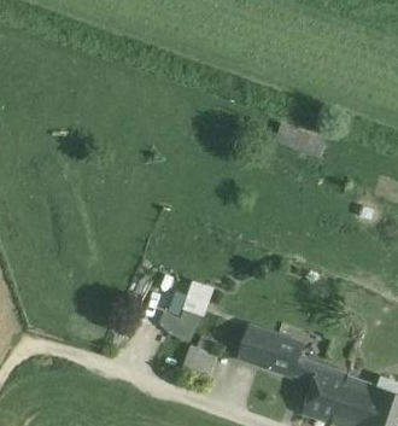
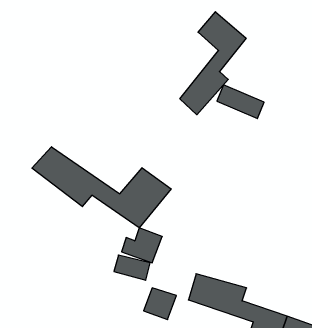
building: none -> [180,12,246,115]
building: none -> [32,147,171,228]

